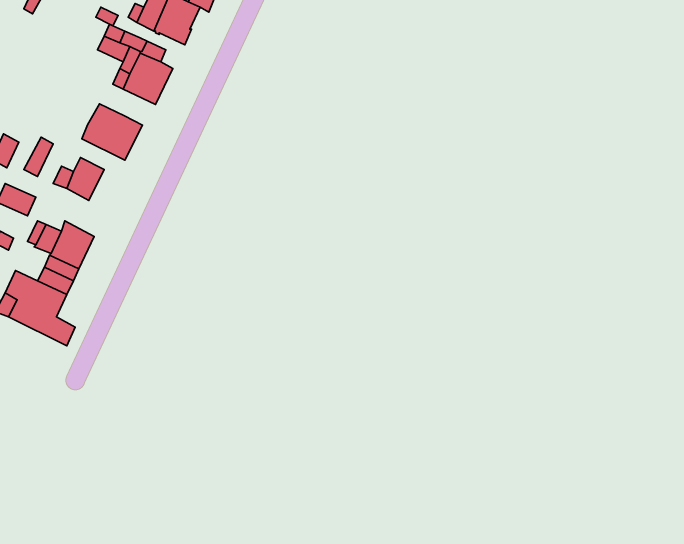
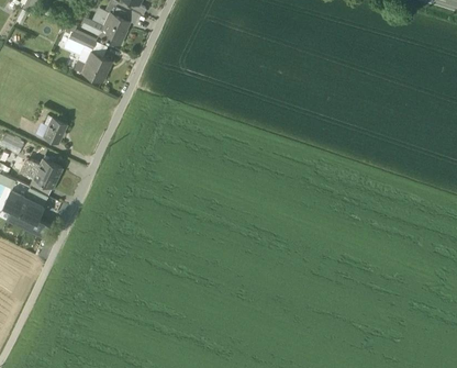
building: [82,104,142,160] -> none

